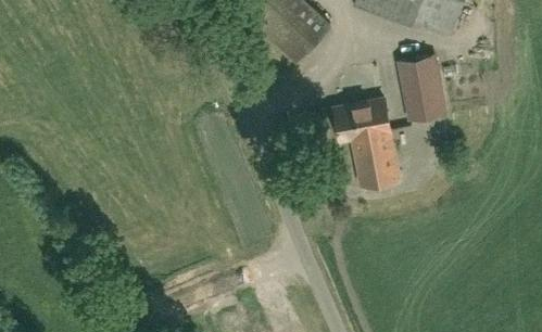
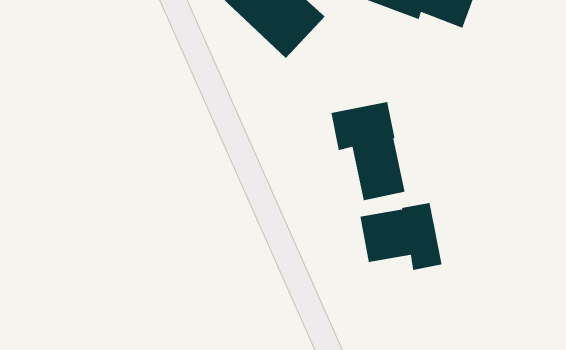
building: [398,55,445,120] -> none
building: none -> [359,202,442,271]

